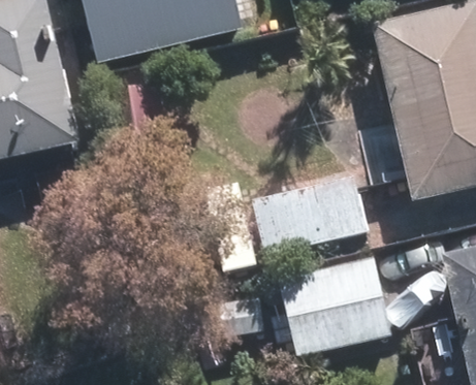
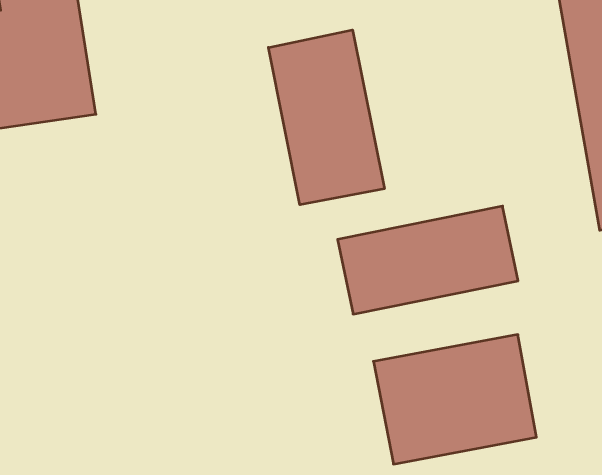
building: none -> [268,30,384,205]

